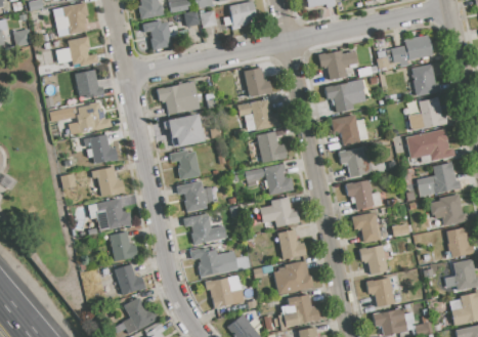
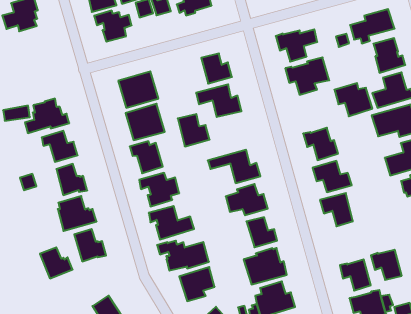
building: [55,36,98,66] -> none
building: [75,69,104,97] -> none
building: [332,114,367,145] -> [334,83,372,116]
building: [257,131,287,162] -> [178,114,210,146]
building: [358,245,387,273] -> [371,250,402,280]
building: [115,264,145,294] -> [40,247,73,278]

